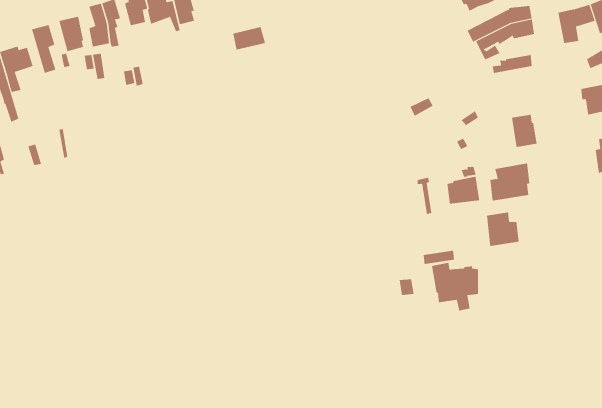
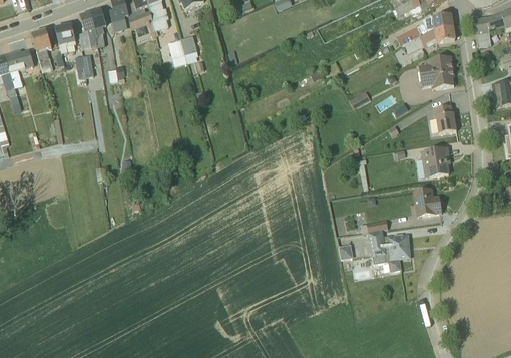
building: [232,26,266,50] -> [168,36,196,56]
building: none -> [419,64,454,87]
building: [447,176,480,204] -> none

